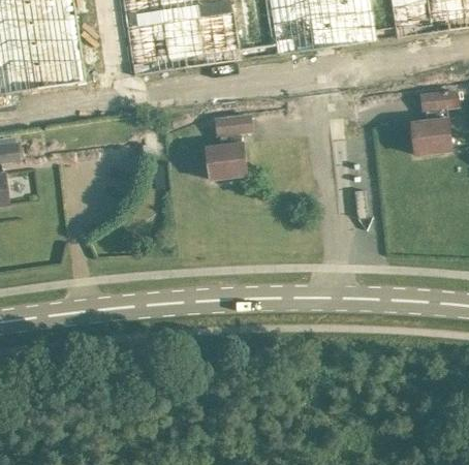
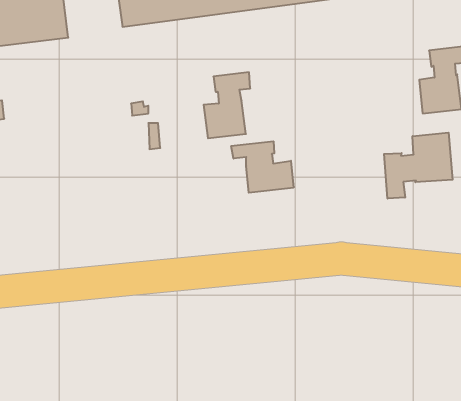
building: none -> [384,133,453,199]
building: none -> [231,141,293,193]

